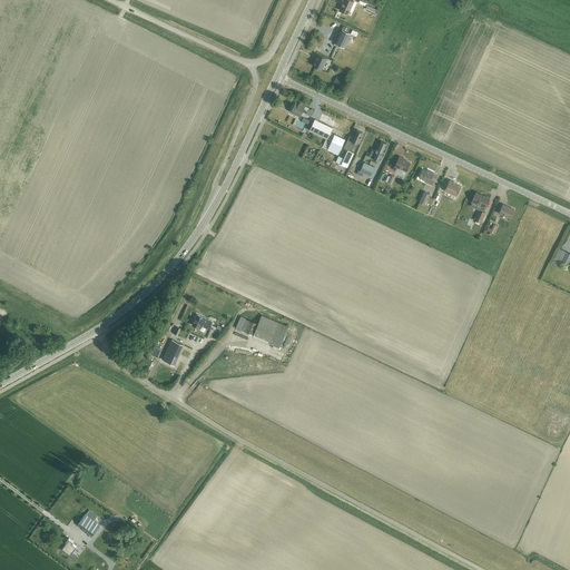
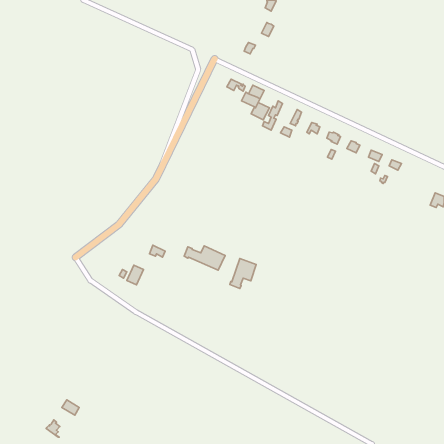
building: none -> [230,259,256,289]

